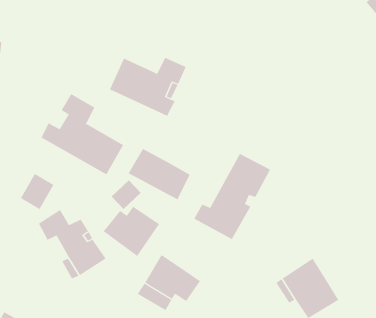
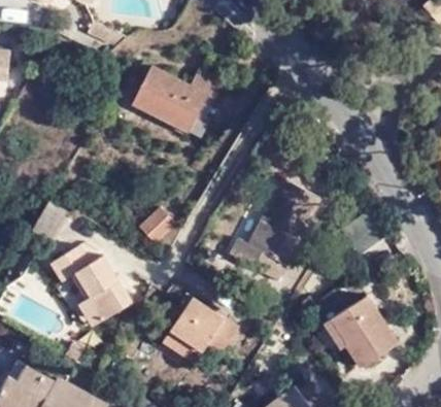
building: [41,93,124,175] -> none
building: [128,148,191,200] -> none
building: [103,206,160,257] -> none

